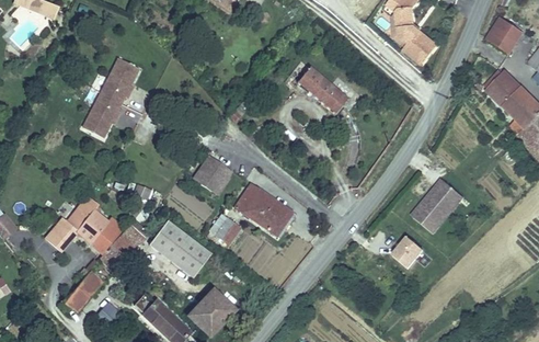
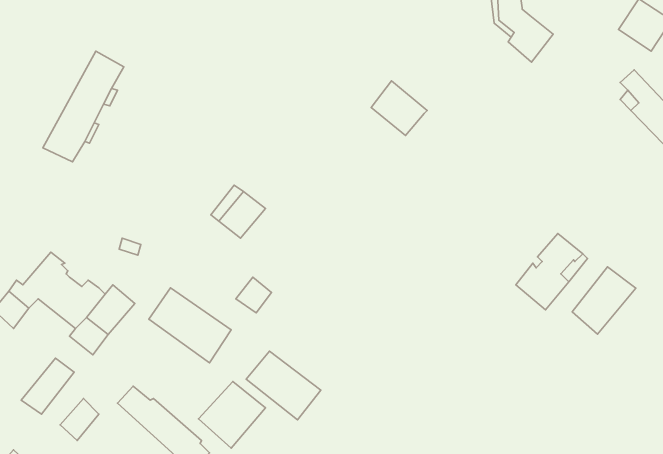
building: [296,66,324,95] -> none
building: [238,182,290,230] -> [246,351,321,420]
building: none -> [572,267,636,334]
building: [389,240,423,274] -> none

